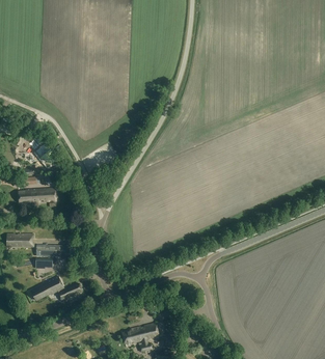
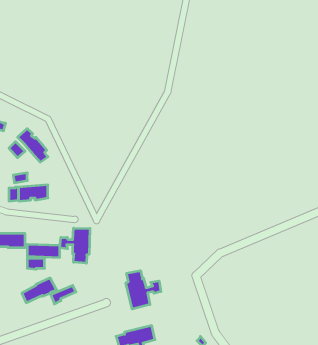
building: none -> [60,228,90,263]
building: none -> [126,271,161,309]

